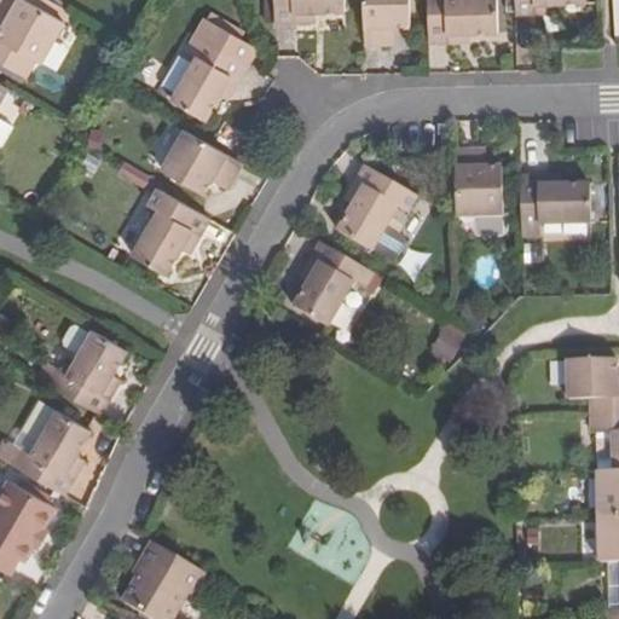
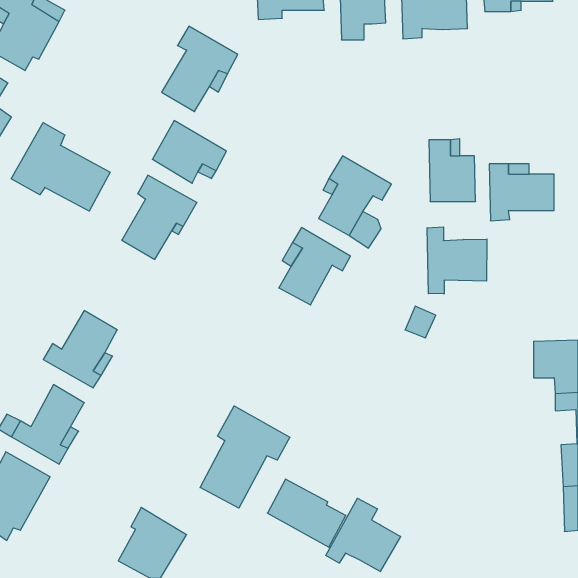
building: none -> [11,123,110,211]
building: none -> [427,227,487,294]
building: none -> [200,406,290,508]
building: none -> [326,498,401,572]

